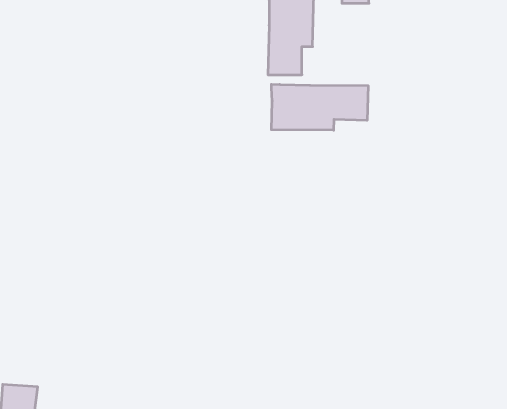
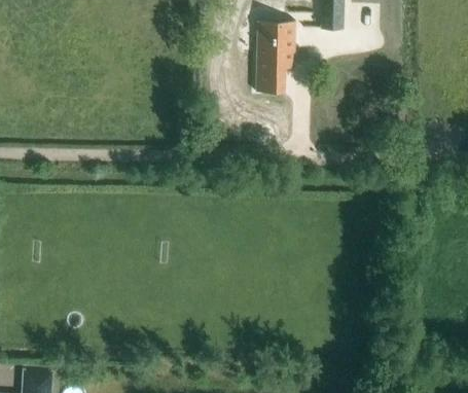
building: [271,84,368,130] -> none

